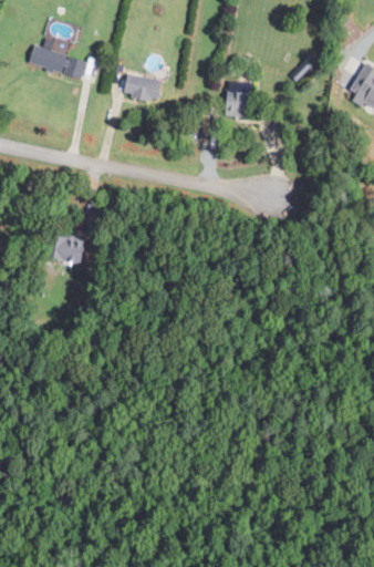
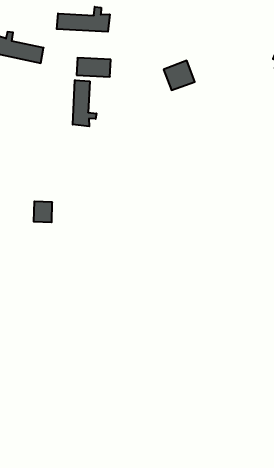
building: none -> [57,7,110,32]
building: none -> [73,80,96,126]

